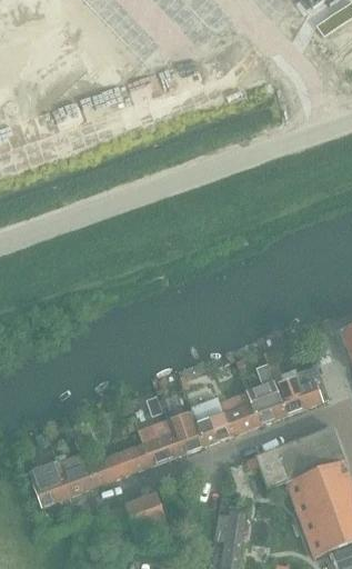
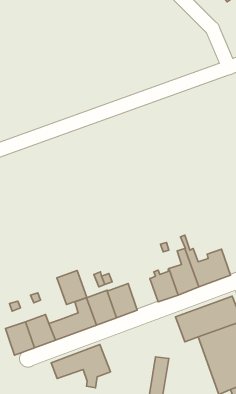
building: none -> [57,271,87,305]
building: [191,396,232,446] -> none

